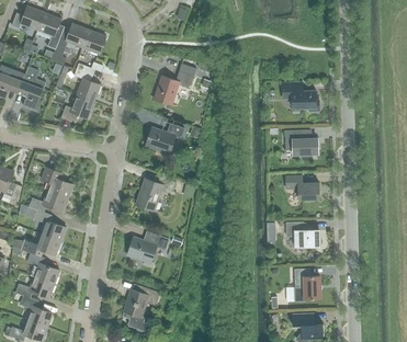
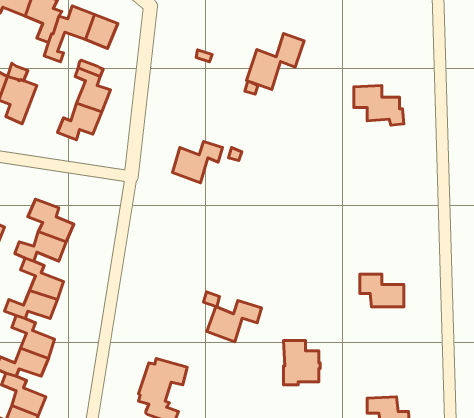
building: [154,62,196,104] -> [247,33,304,89]
building: [285,129,318,156] -> none
building: [285,174,319,200] -> none
building: [134,175,174,212] -> none
building: [128,232,169,263] -> [207,301,261,342]
building: [294,267,321,300] -> [283,341,320,385]

